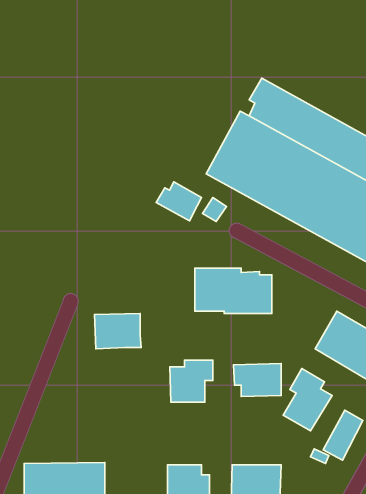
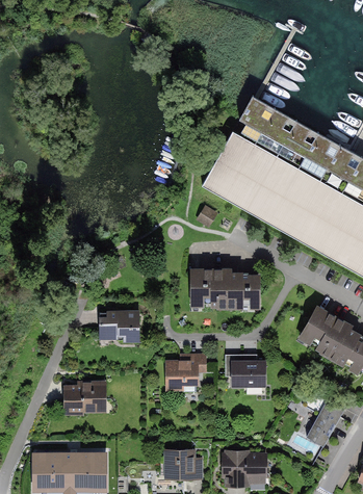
building: [156,182,202,221] -> none
building: [283,369,332,431] -> none
building: none -> [62,383,106,414]

